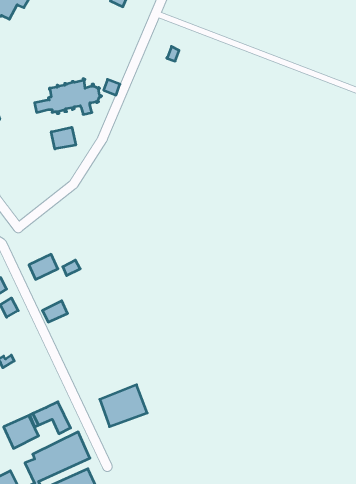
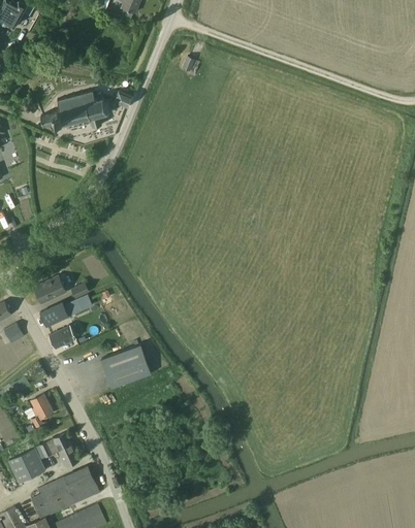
building: [51,127,76,149] -> none
building: none -> [40,302,69,327]
building: none -> [31,394,54,427]
building: [100,385,147,427] -> [101,344,152,389]

